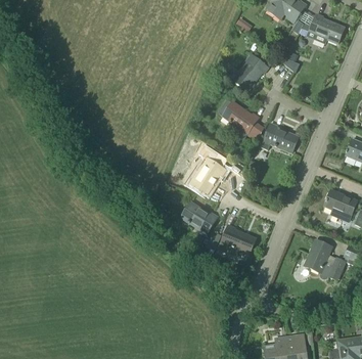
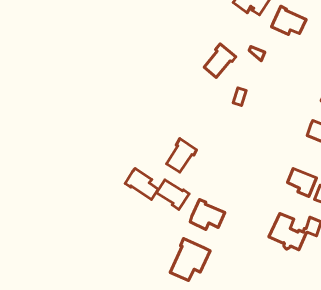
building: [219,99,258,138] -> none
building: [261,123,298,152] -> none
building: none -> [125,168,158,200]
building: none -> [170,239,210,281]

